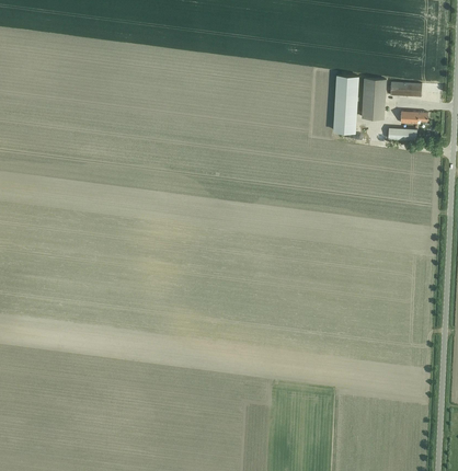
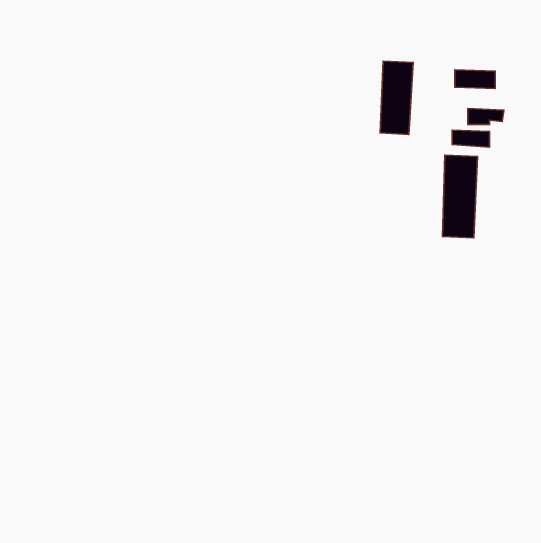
building: [362,79,386,119] -> none
building: none -> [443,155,478,238]

